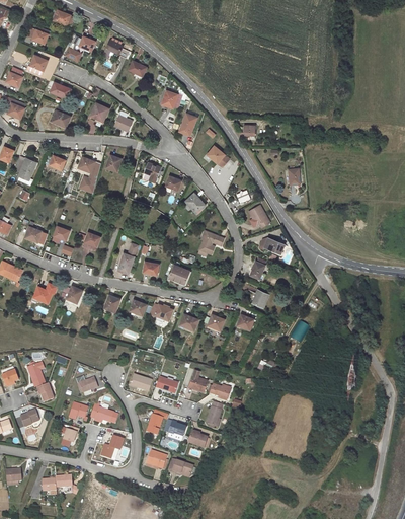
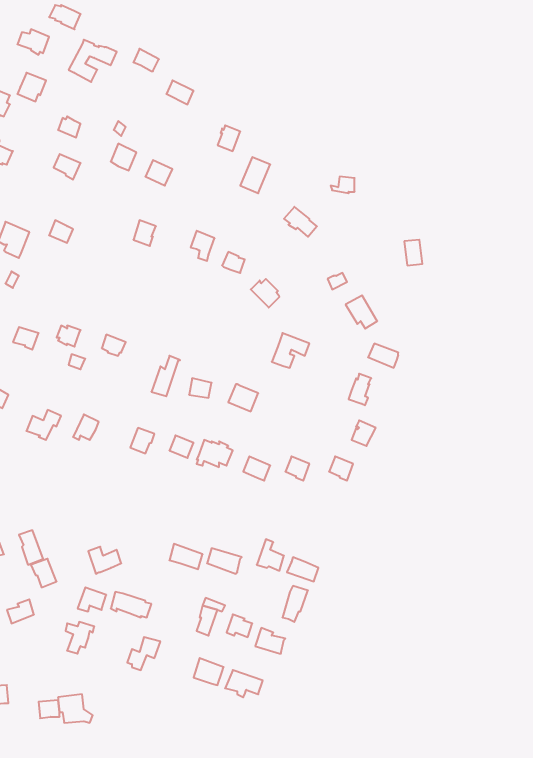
building: [78,157,100,191] -> none

